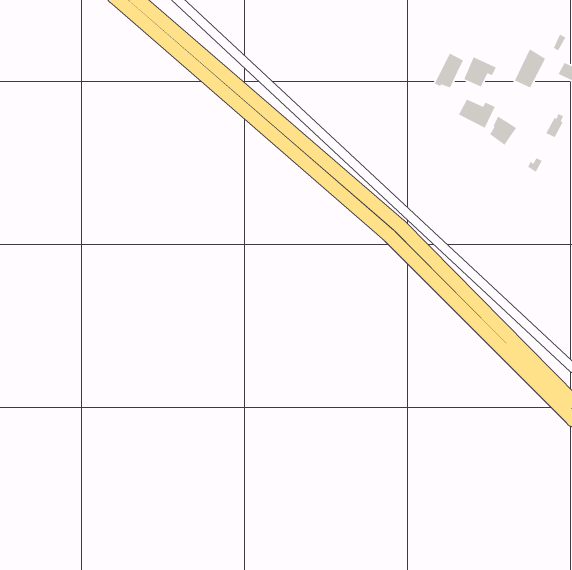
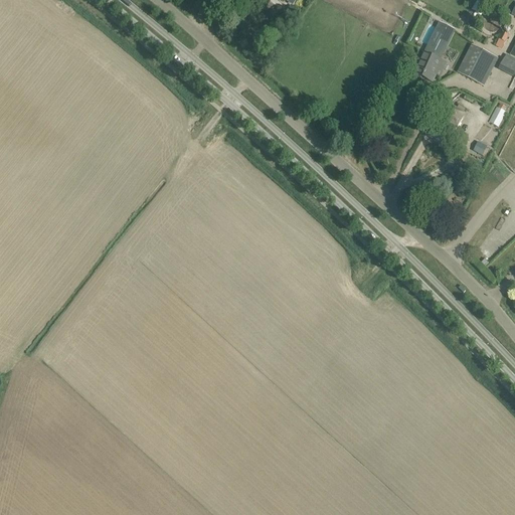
building: [434,52,464,88] -> [426,20,454,52]
building: [458,98,496,129] -> none

